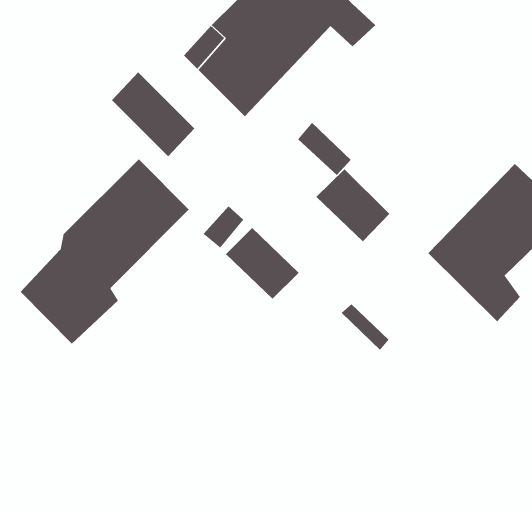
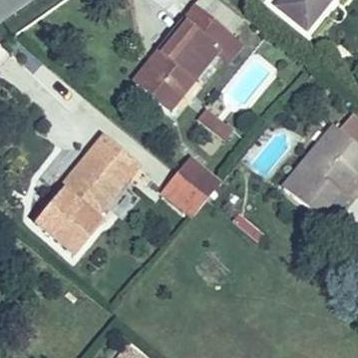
building: [111,71,195,157] -> none
building: [315,168,390,242] -> [178,156,224,200]

